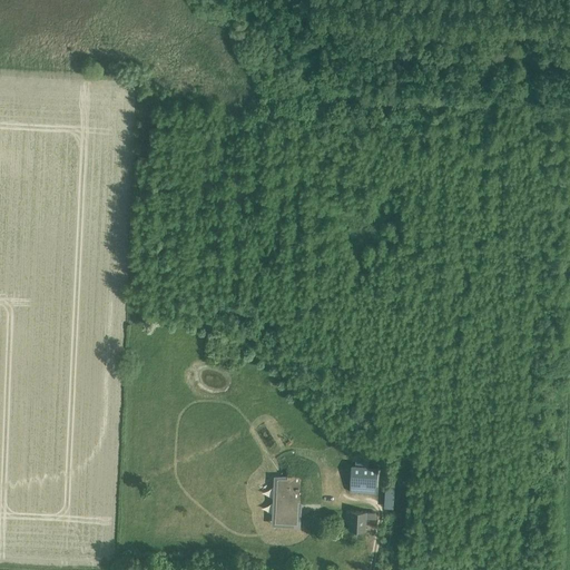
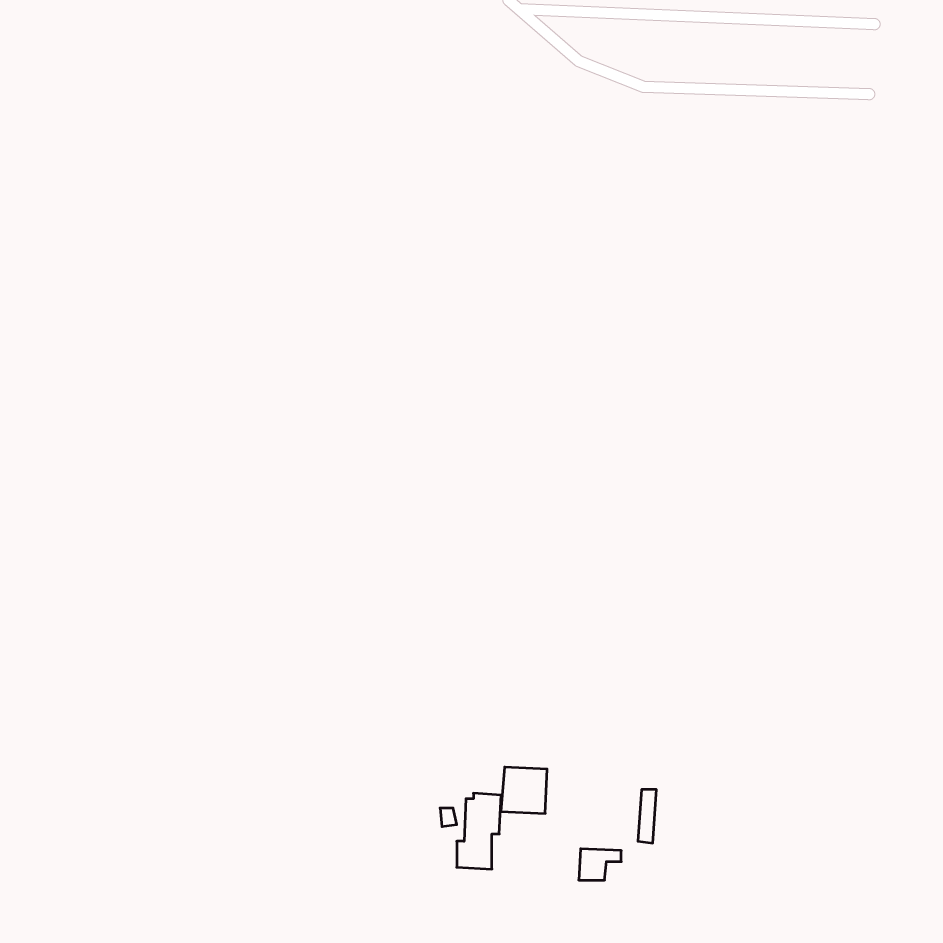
building: [348,466,376,494] -> [501,767,547,813]

